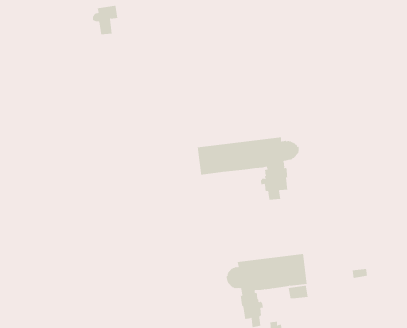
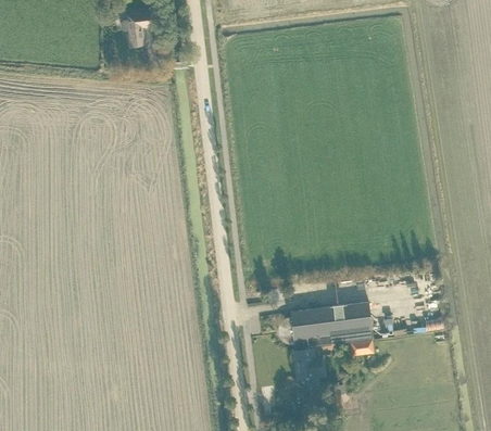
building: [197,136,299,200] -> none

